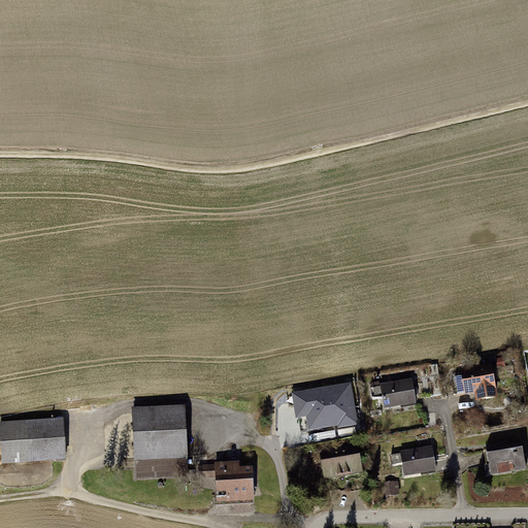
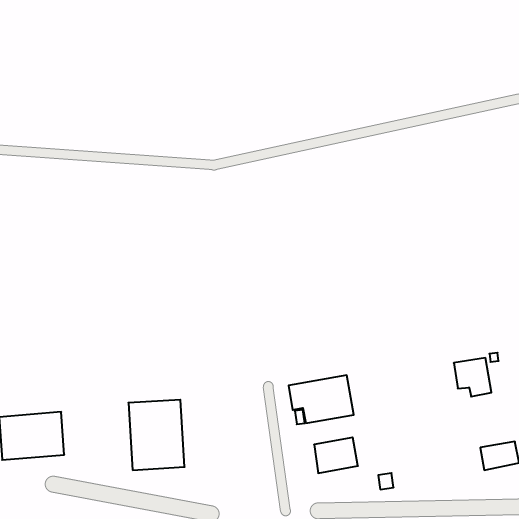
building: [378,377,415,407] -> none
building: [399,443,435,474] -> none
building: [200,459,252,502] -> none

